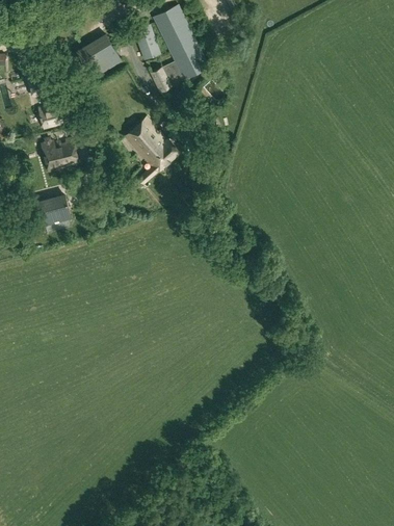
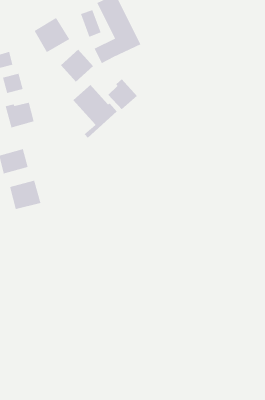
building: none -> [60,49,94,82]
building: none -> [108,79,138,110]
building: none -> [10,180,41,210]

